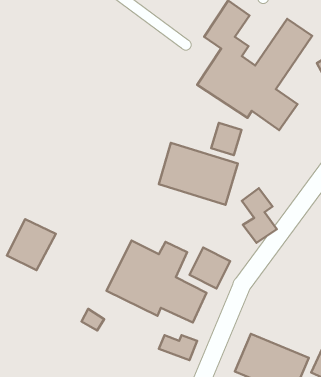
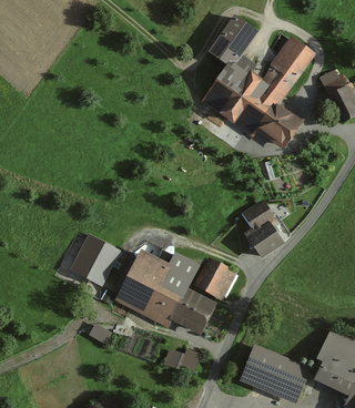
building: [211,123,242,155] -> none
building: [159,143,238,205] -> none
building: [7,219,56,270] -> [71,236,119,286]

